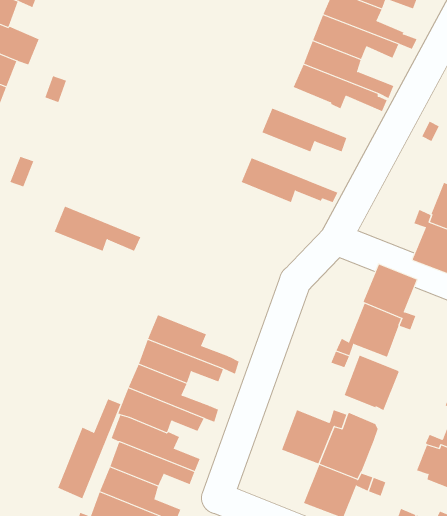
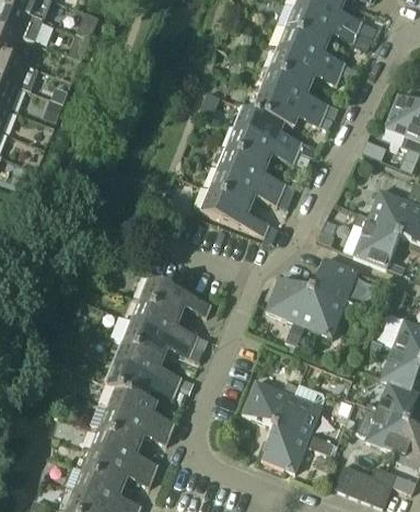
building: none -> [235,105,315,155]
building: none -> [218,147,294,197]
building: none -> [200,188,277,238]
building: [54,206,141,251] -> [139,278,212,316]
building: [344,355,400,411] -> [266,276,313,323]
building: [58,399,121,499] -> none

